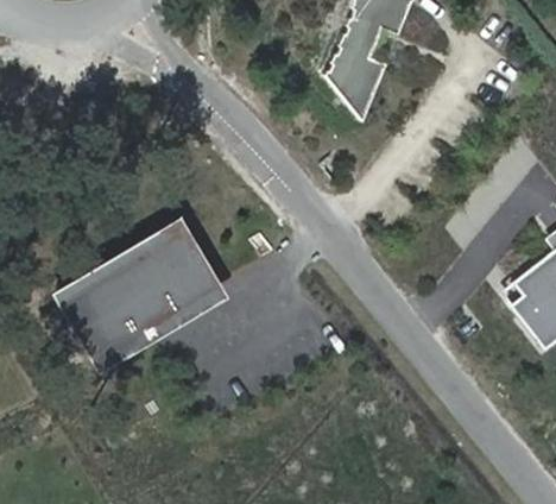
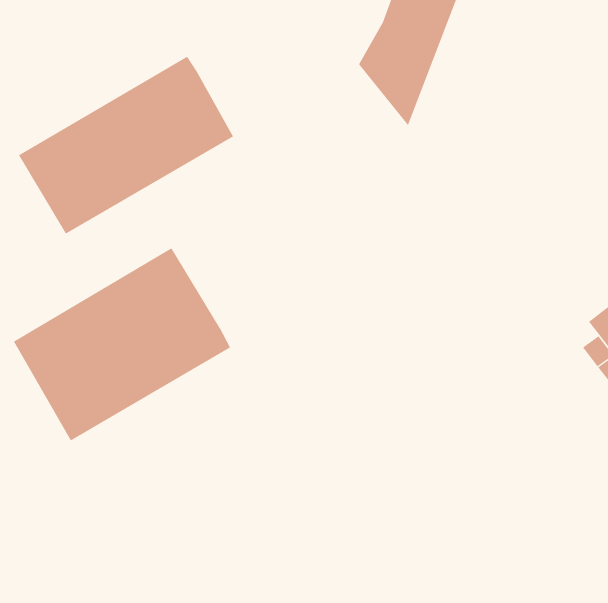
building: none -> [18,56,234,235]

